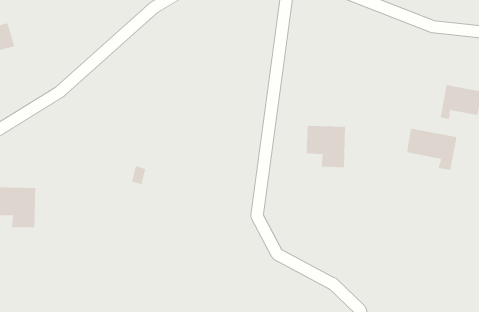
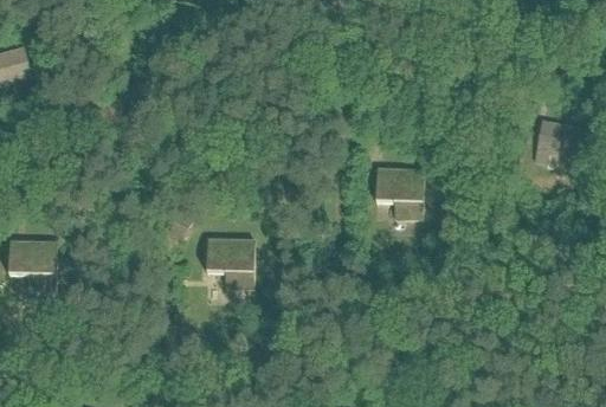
building: [406,128,457,171] -> none
building: none -> [206,239,253,288]

